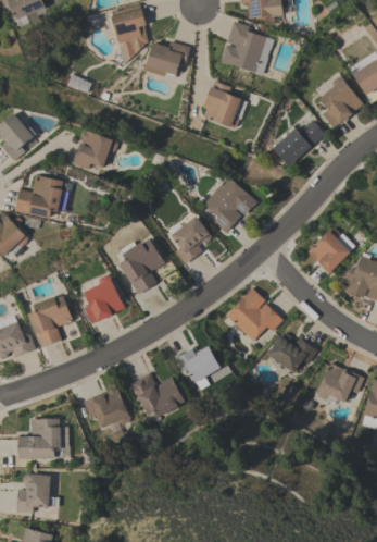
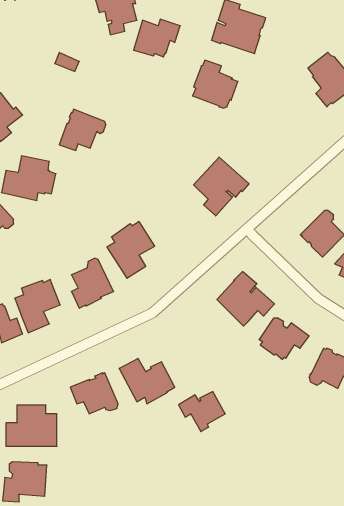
building: [272,120,325,165] -> none
building: [171,214,211,263] -> none
building: [175,345,221,384] -> [179,392,225,432]

